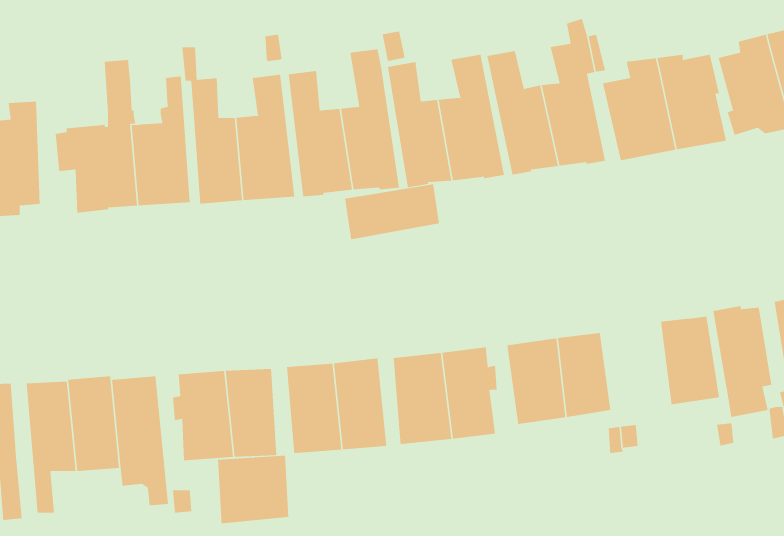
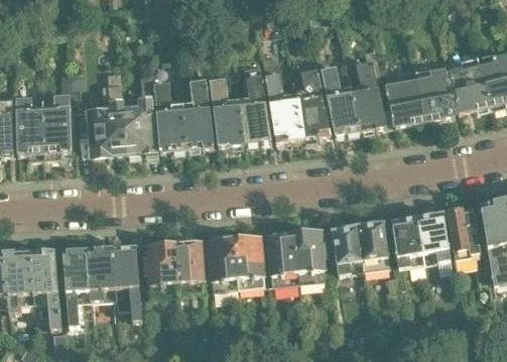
building: [344,184,439,240] -> none
building: none -> [391,216,422,266]
building: [218,455,289,524] -> none

